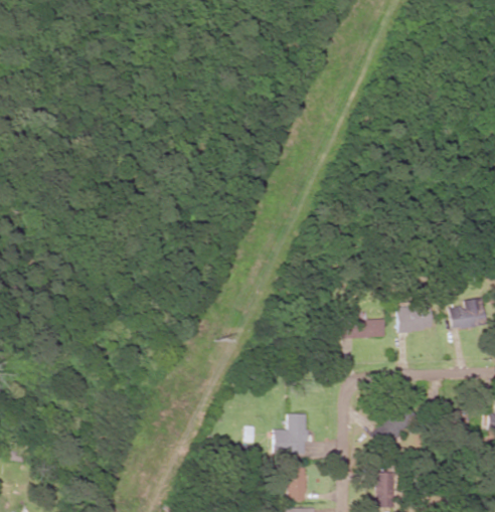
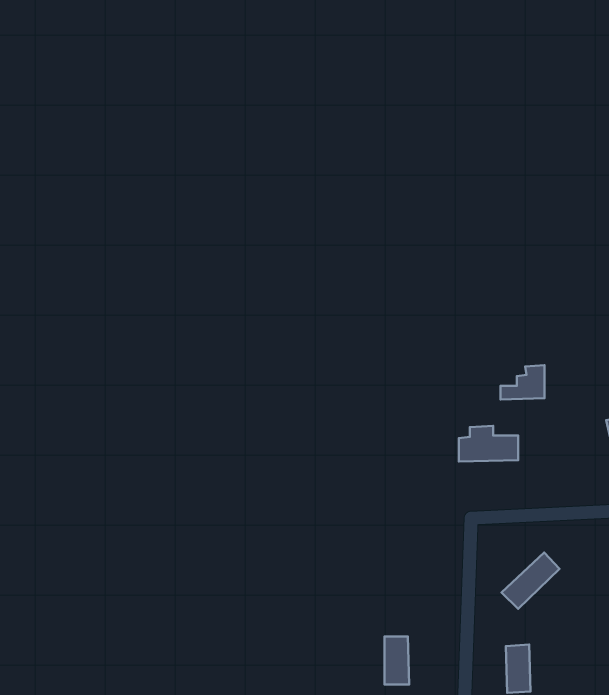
building: [398,306,431,331] -> [500,365,544,400]
building: [273,413,306,454] -> none

